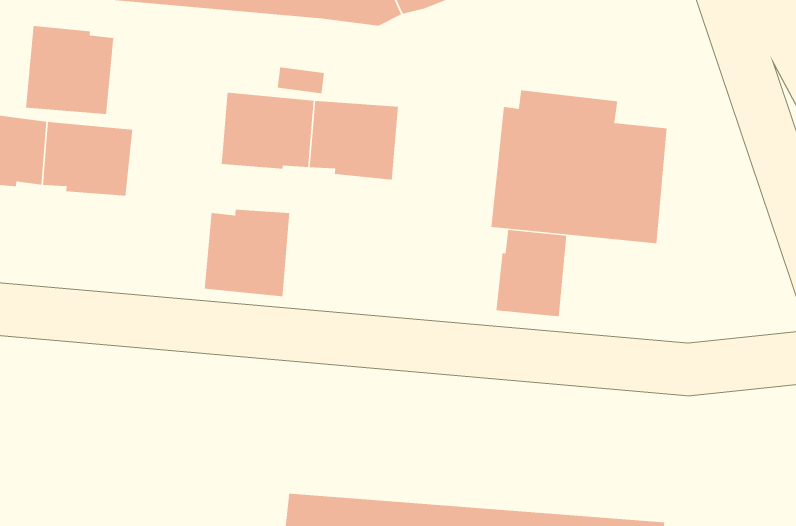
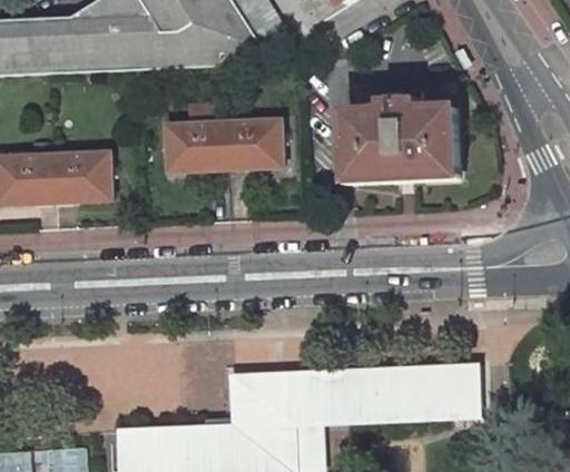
building: [25,25,114,115] -> none
building: [204,209,290,297] -> none
building: [495,229,567,317] -> none

